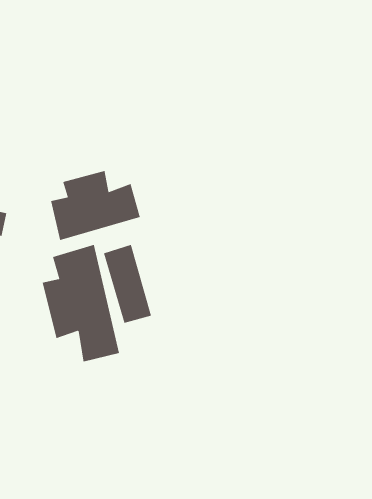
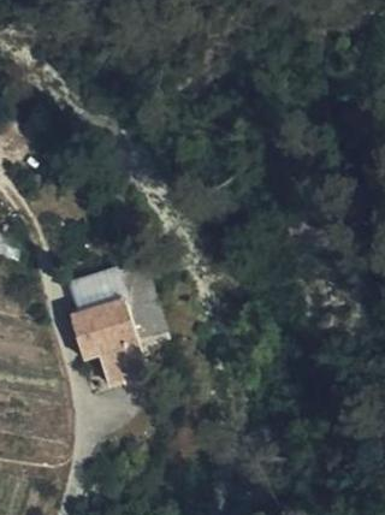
building: [50,170,141,241] -> none

